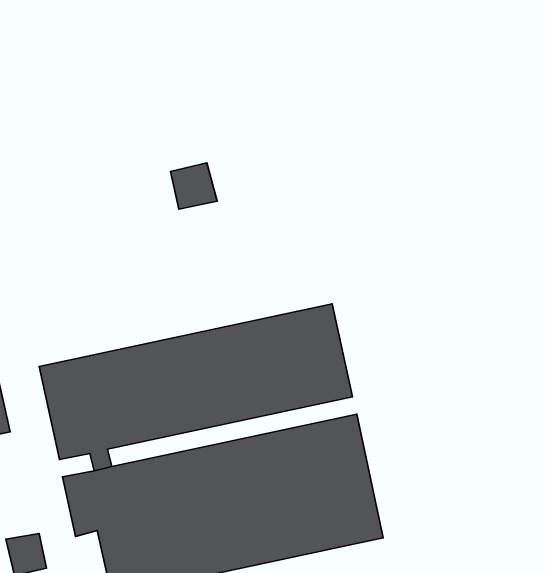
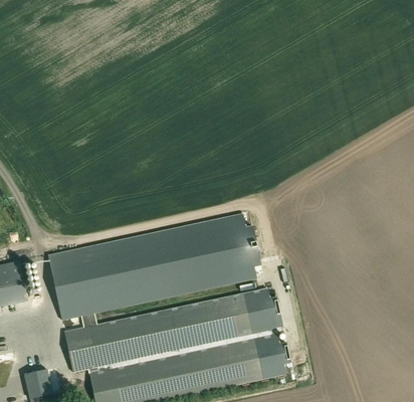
building: [170,163,217,209] -> none

